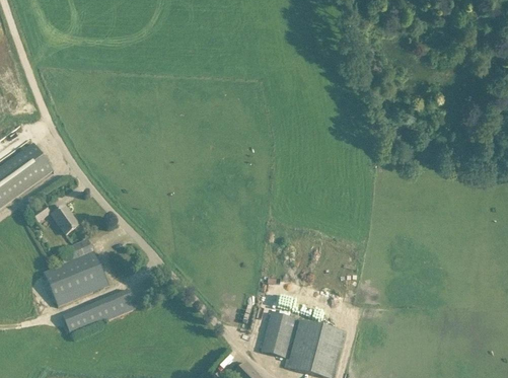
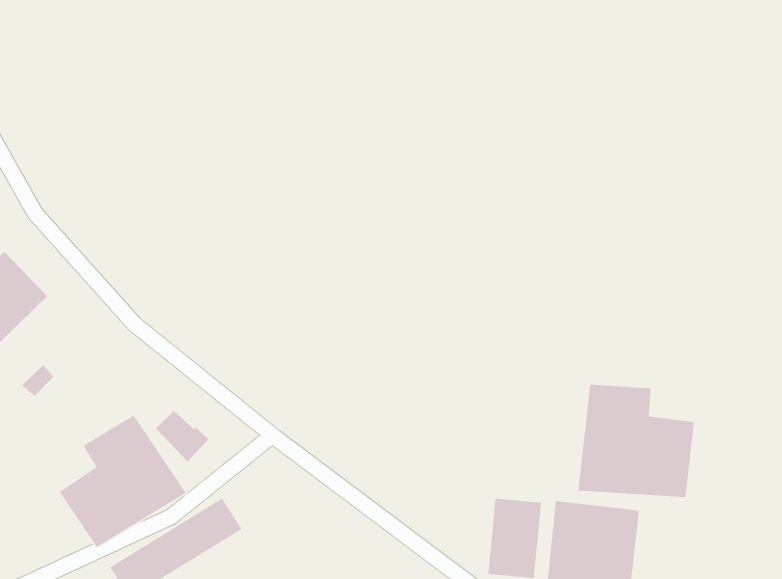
building: [50,206,77,234] -> [155,410,209,462]
building: none -> [578,384,695,498]

